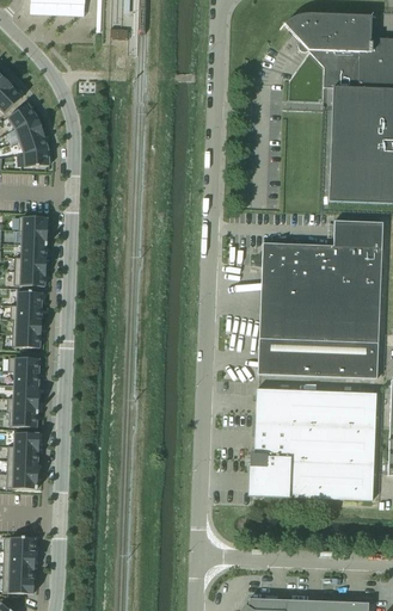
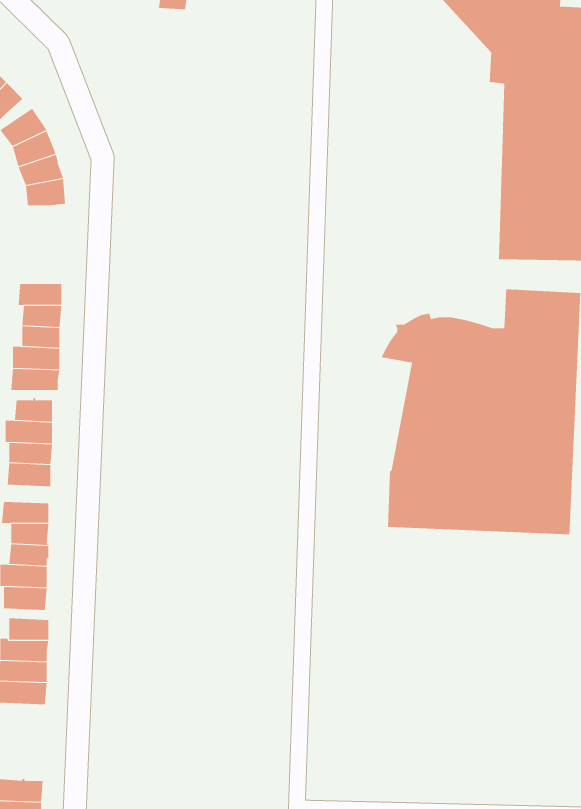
building: [247,388,375,500] -> none

